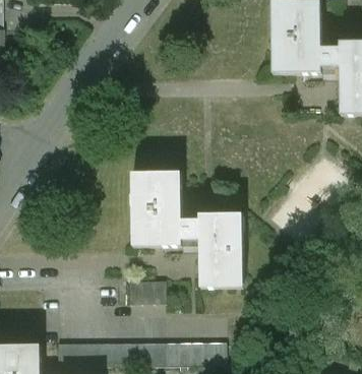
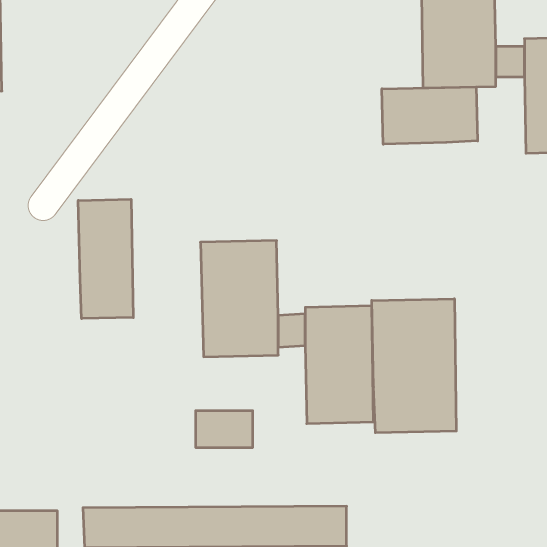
building: none -> [382,87,478,144]
building: none -> [78,199,133,319]
building: none -> [372,299,456,433]

